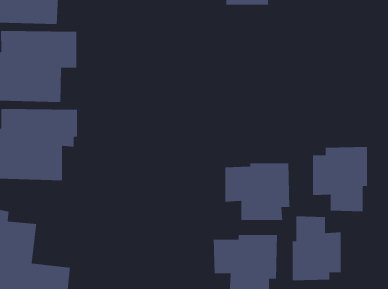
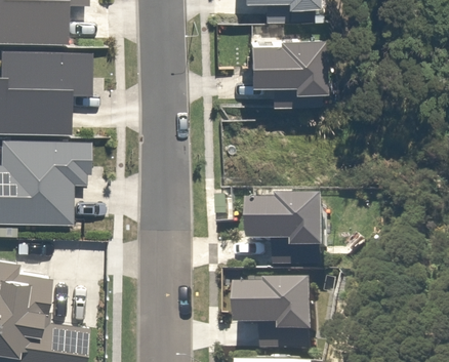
building: none -> [247,36,326,105]
building: [312,146,368,212] -> none
building: [292,215,342,281] -> none

